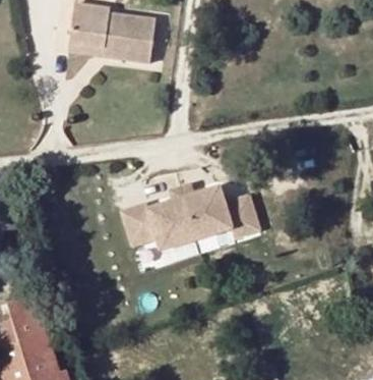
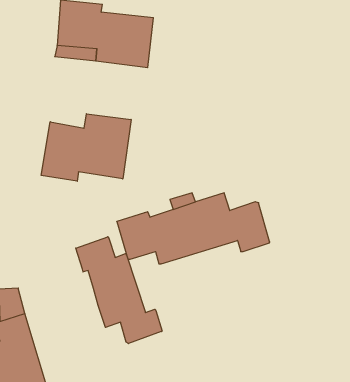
building: none -> [41,114,131,181]
building: none -> [76,237,162,344]

